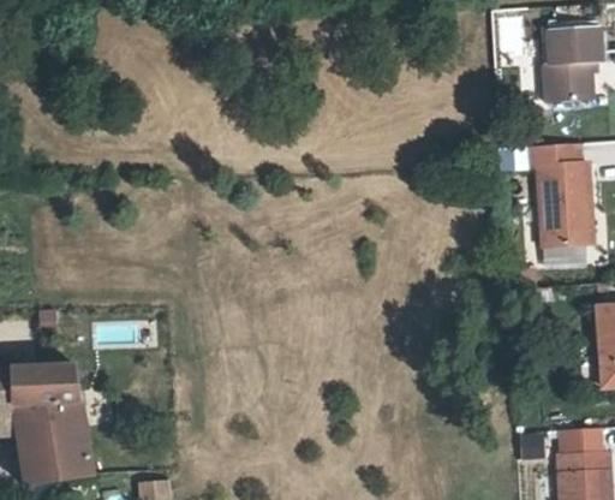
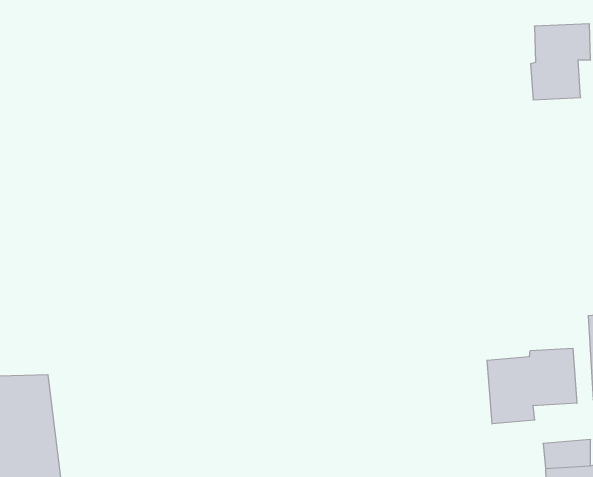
building: [530,143,593,251] -> none
building: none -> [487,348,577,424]

